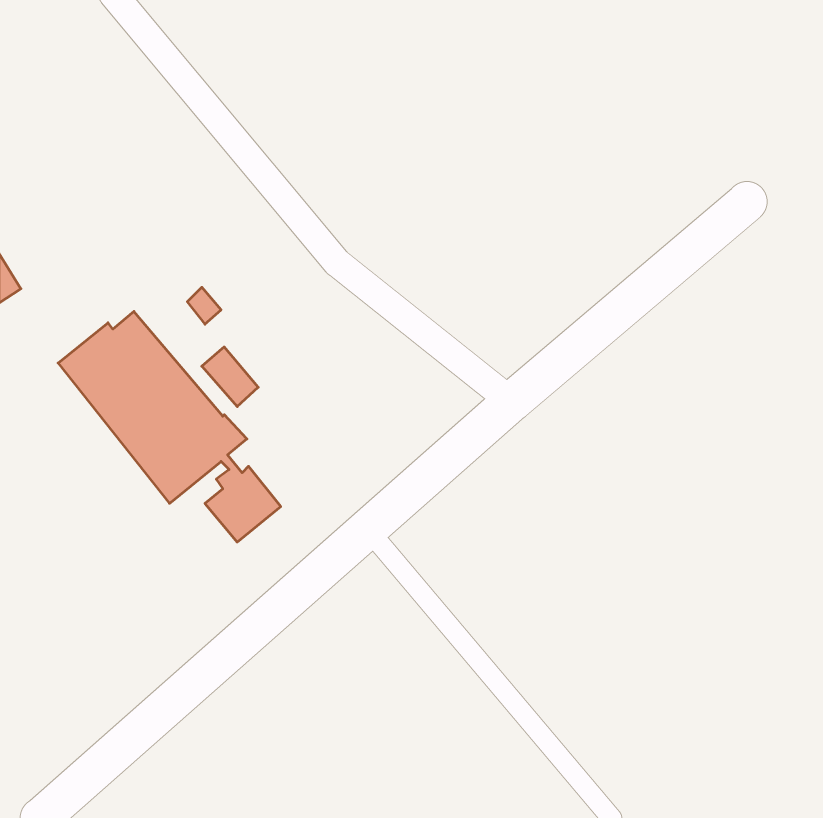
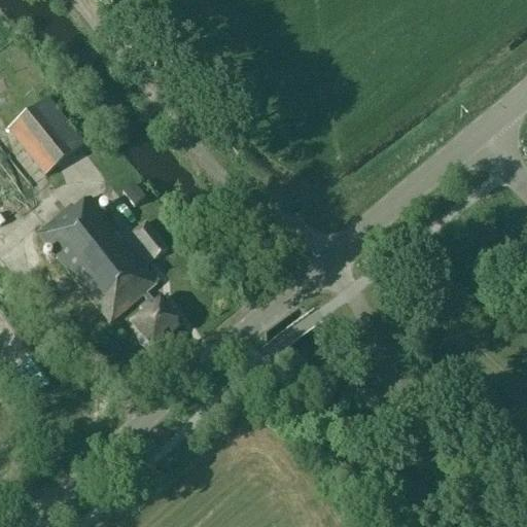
building: none -> [6,97,82,174]

